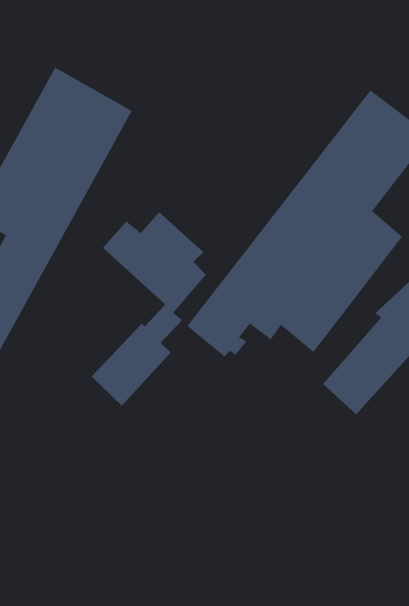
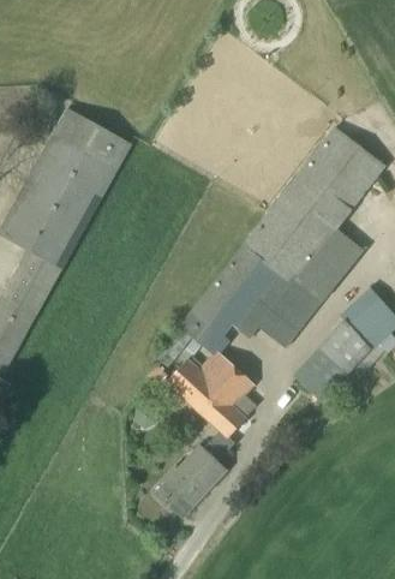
building: [91,211,207,406] -> [157,351,256,517]

